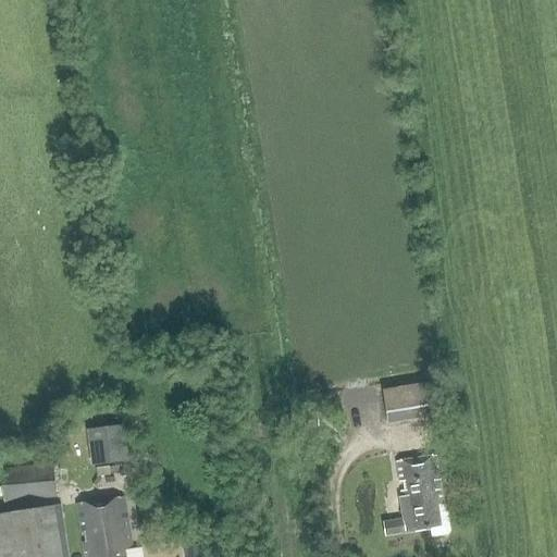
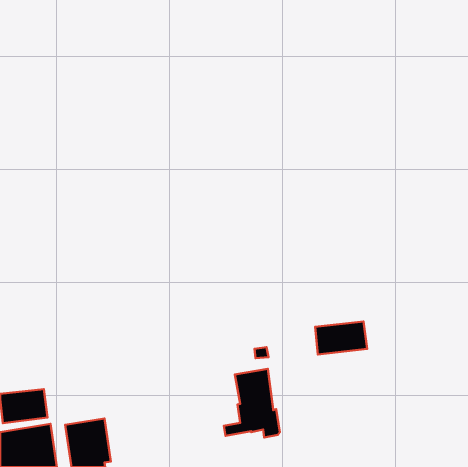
building: [88,424,125,465] -> none
building: [381,456,447,537] -> [224,369,280,438]

